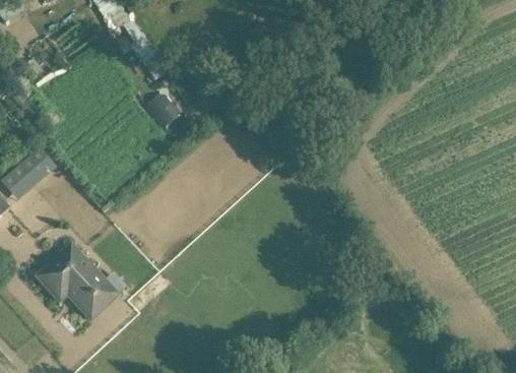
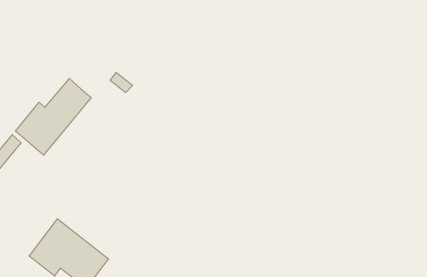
building: none -> [15,78,91,155]

